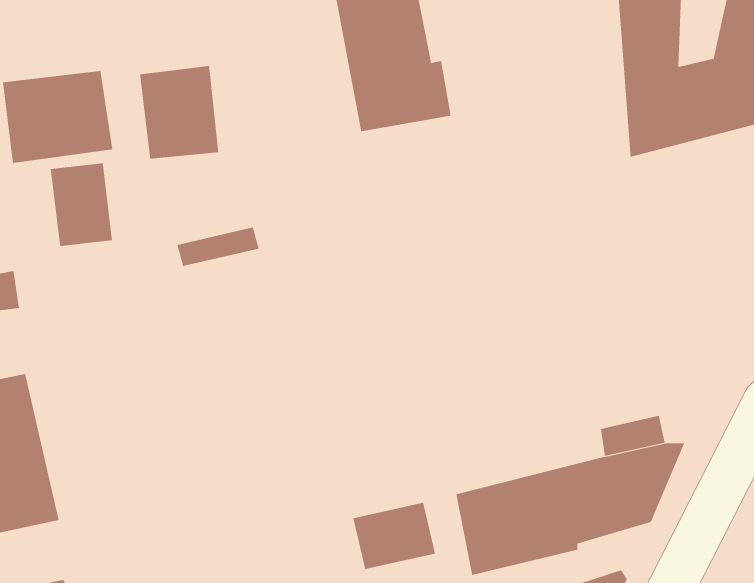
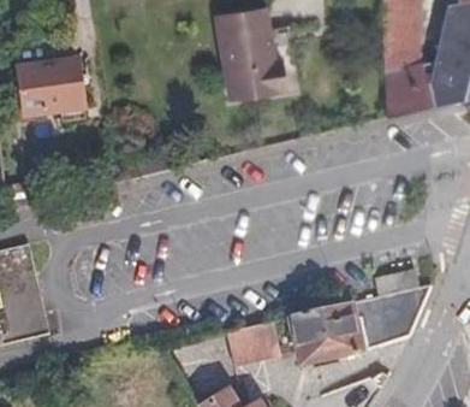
building: [139,65,219,159] -> none
building: [50,162,113,247] -> none

